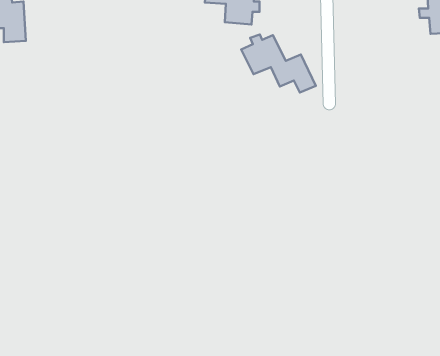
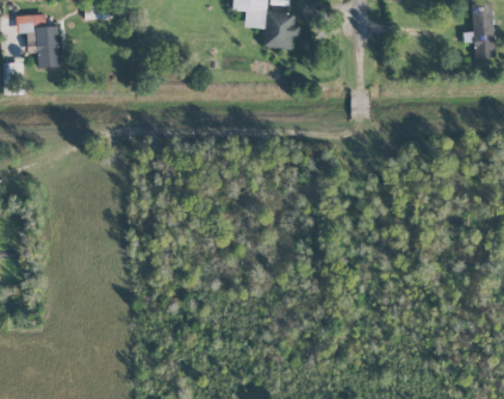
building: [241,34,316,92] -> none

